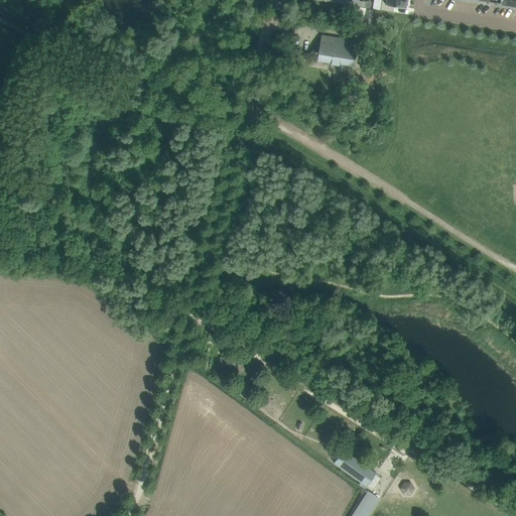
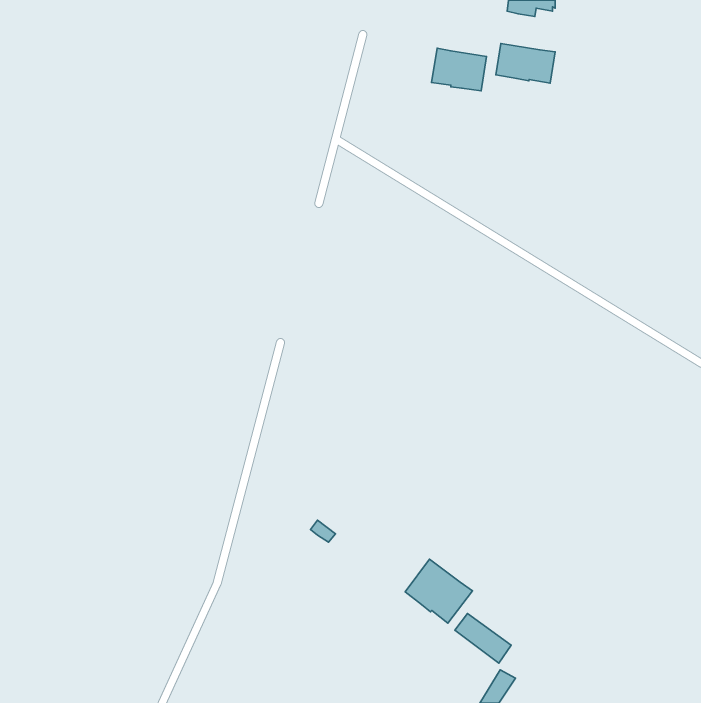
building: none -> [496,44,555,83]
building: none -> [405,559,472,623]

